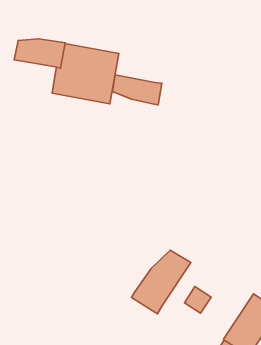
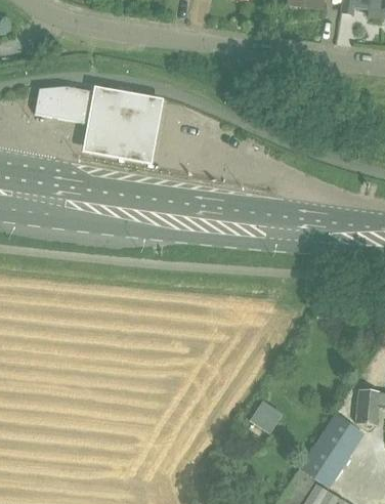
building: [113,75,162,105] -> none
building: [131,250,191,314] -> none

